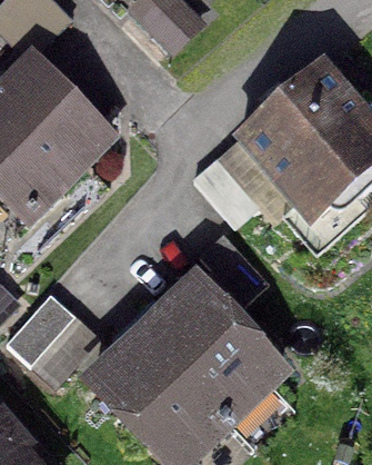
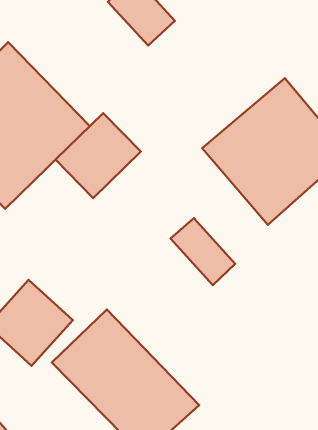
building: none -> [56,113,141,198]
building: [137,270,290,426] -> none

